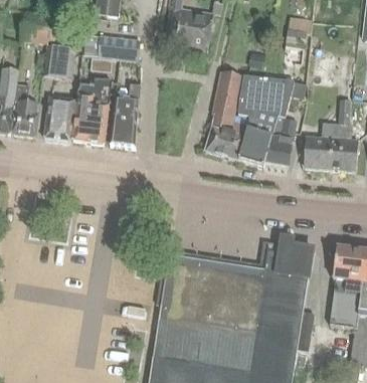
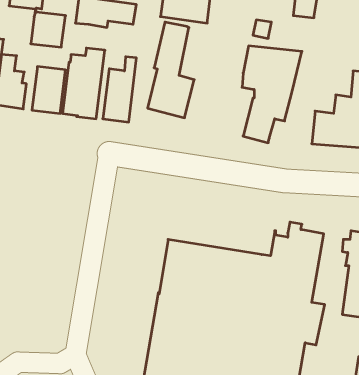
building: [205,70,248,159] -> [148,22,194,118]
building: [263,118,297,163] -> none

